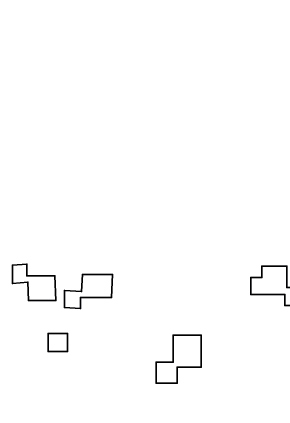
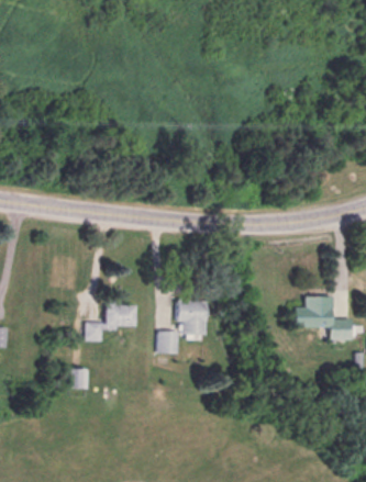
building: [12,264,56,300] -> none
building: [156,335,201,383] -> [159,301,209,354]

